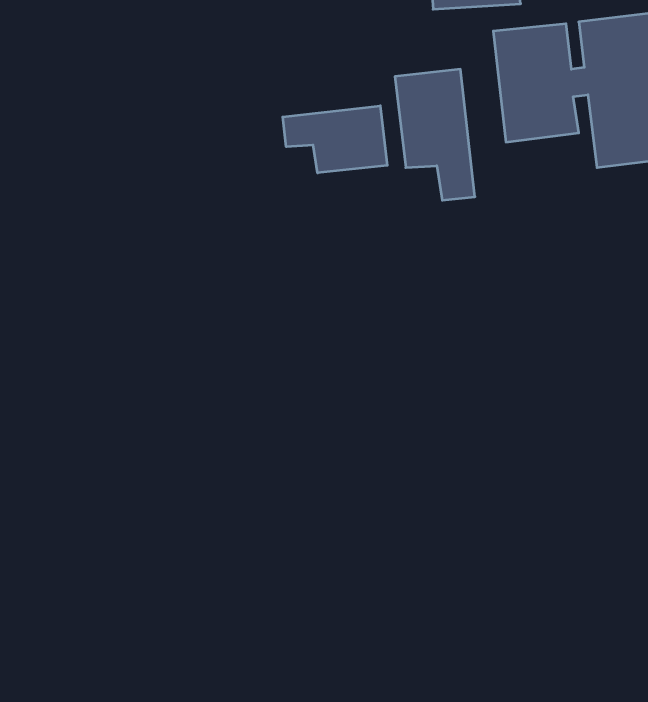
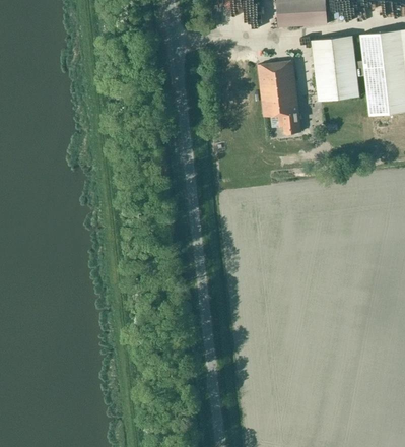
building: [283,106,387,173] -> none

